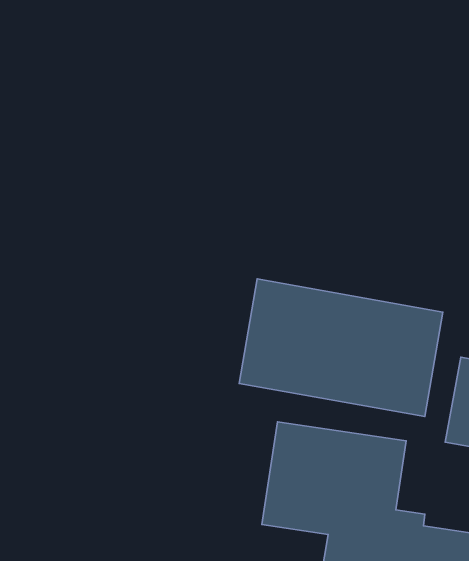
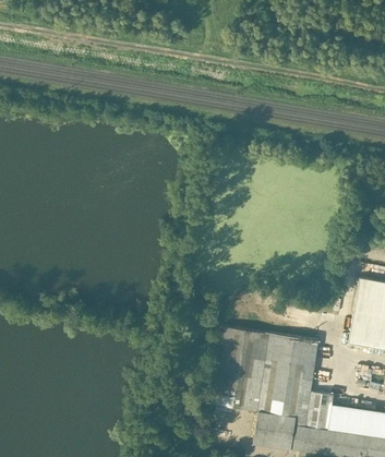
building: [239,279,443,417] -> none

